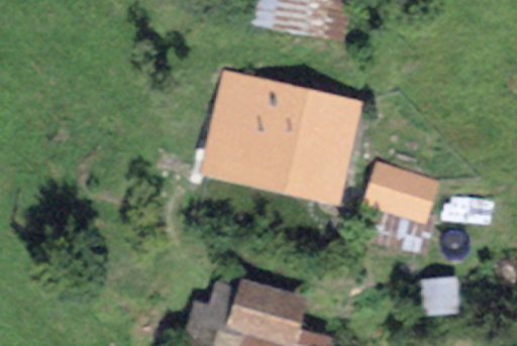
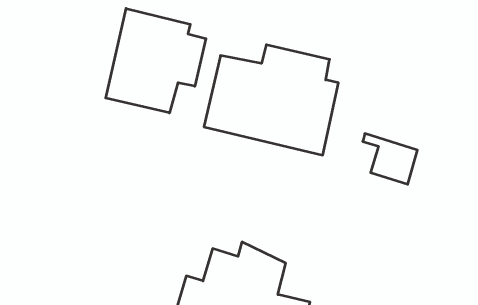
building: none -> [106,8,206,113]

